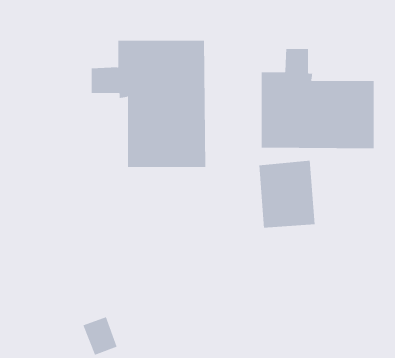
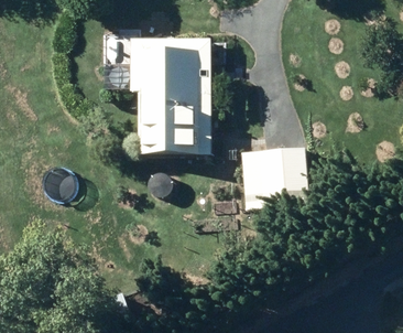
building: [261,48,374,149] -> none

